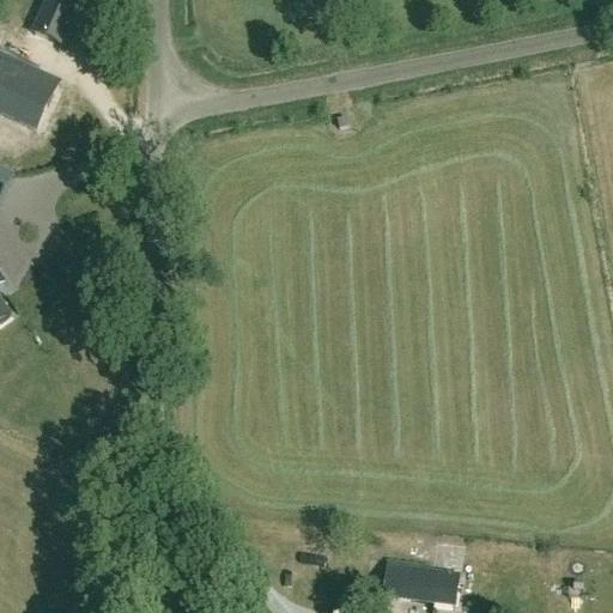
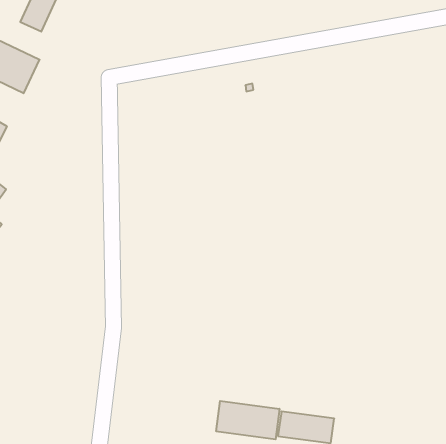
building: none -> [216,401,279,439]

